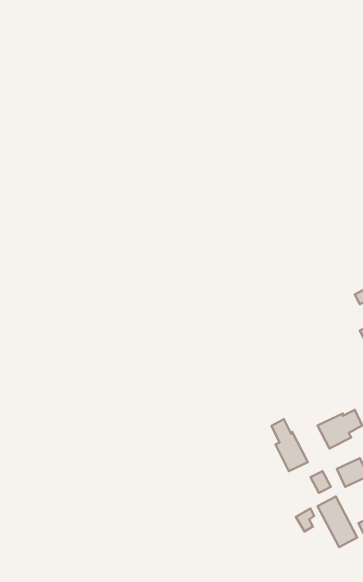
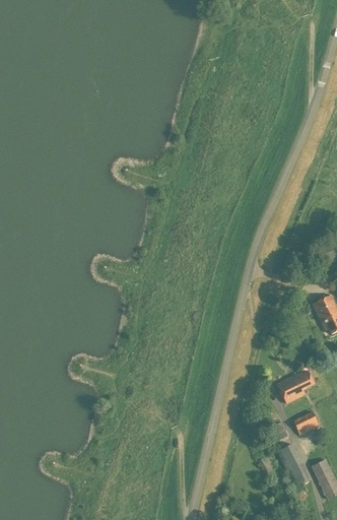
building: [272,419,308,471] -> none

